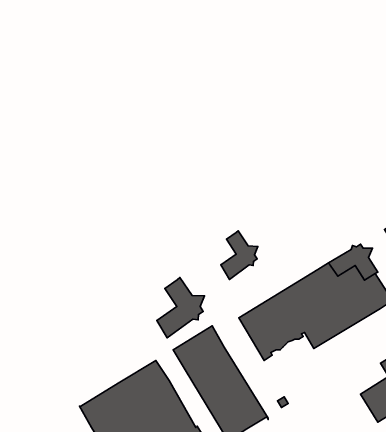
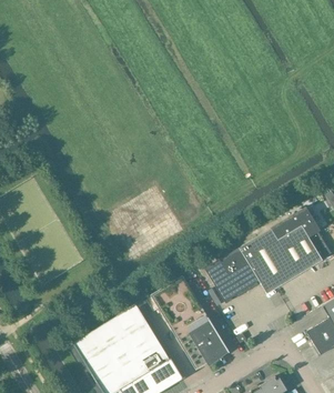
building: [221,231,258,279] -> none
building: [157,278,204,338] -> none

